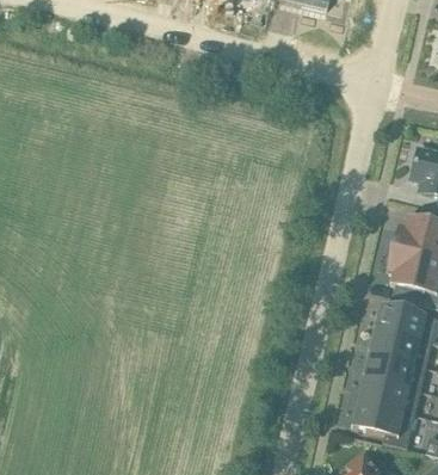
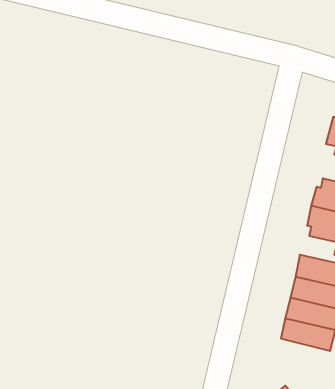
building: [352,399,414,446] -> none

